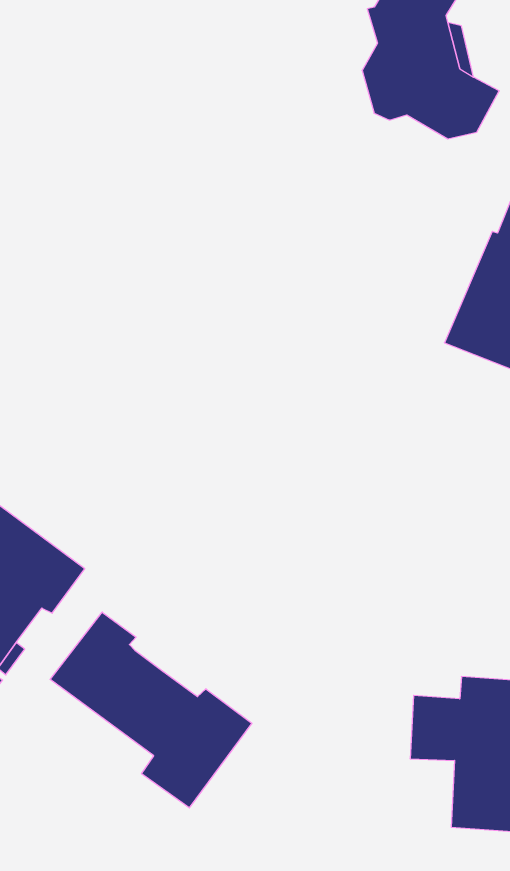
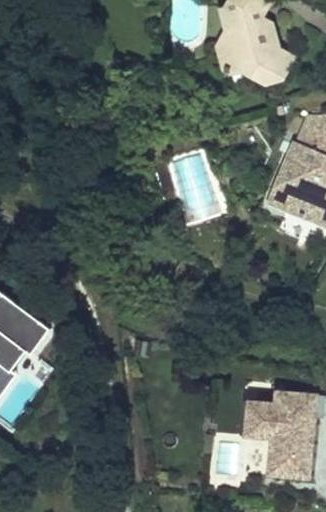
building: [50,612,252,808] -> none

